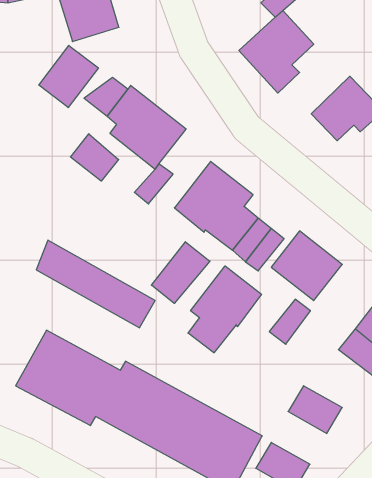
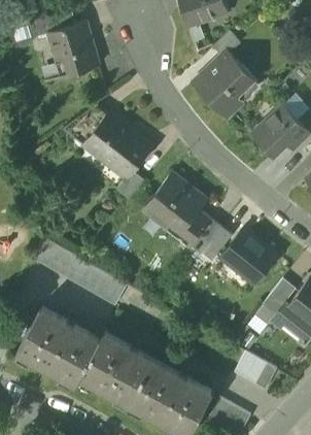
building: [39,45,98,108] -> none
building: [71,134,119,181] -> none
building: [151,242,210,303] -> none
building: [188,266,261,353] -> none
building: [269,299,310,344] -> [263,279,296,315]

